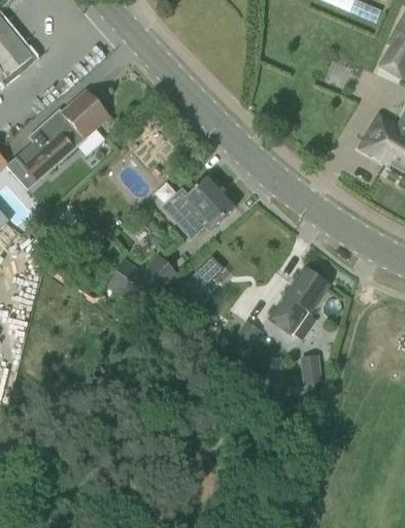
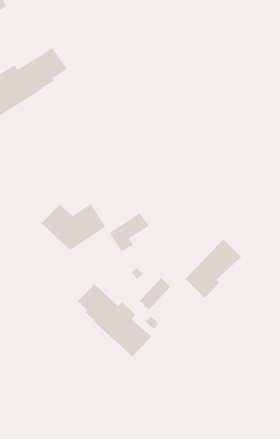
building: [162,175,236,237] -> none
building: none -> [77,284,152,358]
building: [299,354,322,384] -> none

